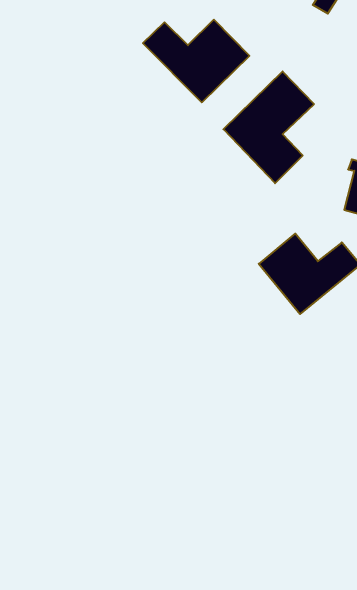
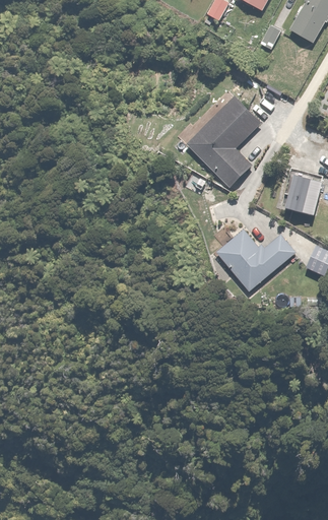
building: [143,20,249,102] -> none

